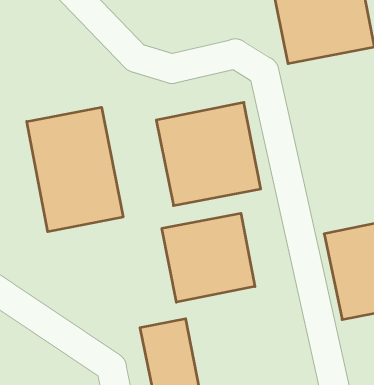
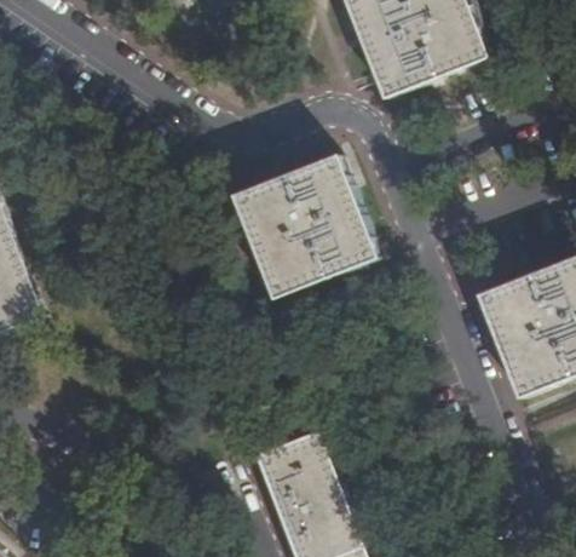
building: [27,107,123,232] -> none
building: [162,213,255,302] -> none

